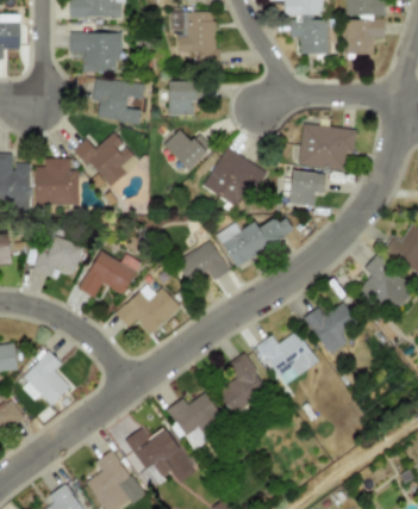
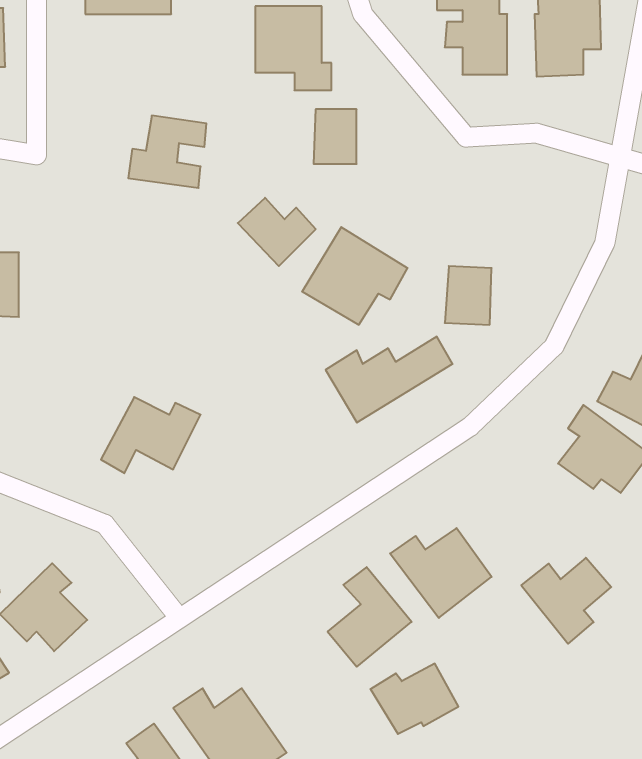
building: [69,32,120,70] -> none
building: [168,81,194,114] -> [314,109,357,164]
building: [299,124,356,168] -> none
building: [73,132,138,186] -> none
building: [35,157,79,205] -> none
building: [33,234,83,277] -> none
building: [176,241,229,281] -> none
building: [116,284,180,334] -> none
building: [302,302,357,354] -> [521,558,611,644]
building: [168,392,222,435] -> [370,664,458,734]

